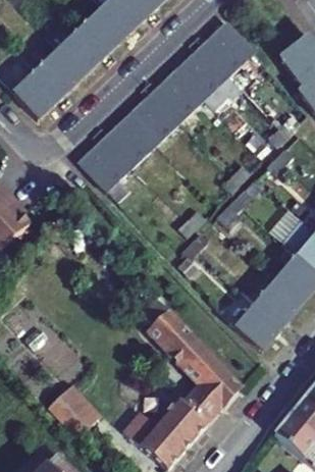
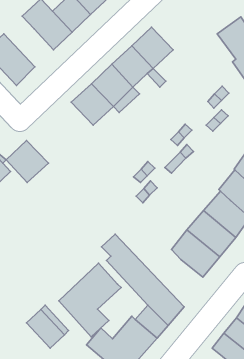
building: [201,24,253,76] -> none
building: [22,43,83,97] -> none
building: [80,140,130,191] -> [6,140,48,183]
building: none -> [59,263,121,337]

